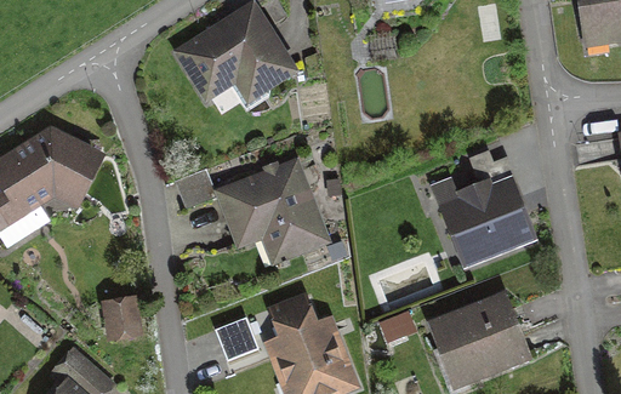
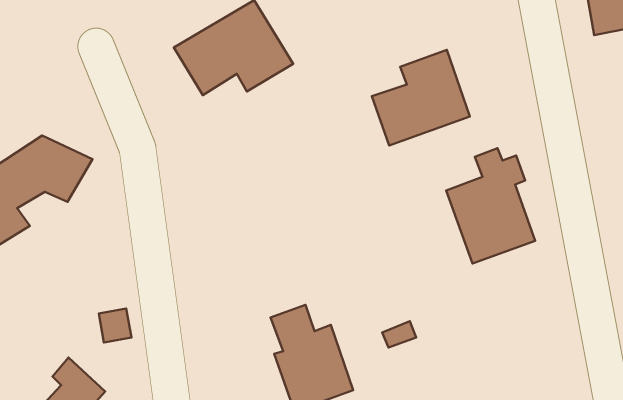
building: none -> [372,50,470,146]
building: [175,162,326,262] -> none
building: [431,296,524,383] -> none
building: [215,318,258,360] -> none

